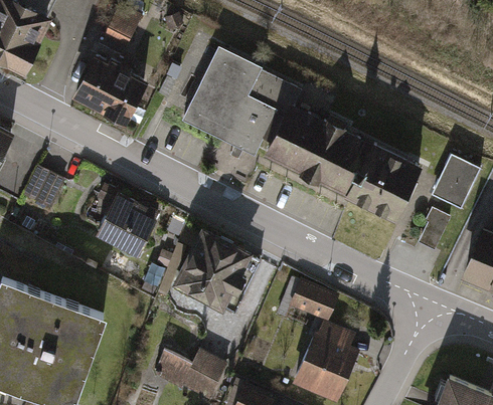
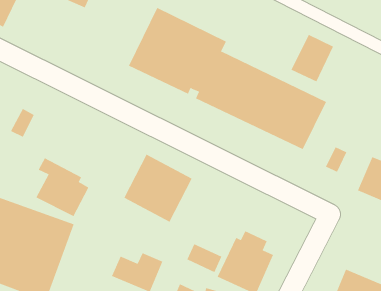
building: [72,53,147,126] -> none
building: [427,154,480,213] -> [291,34,334,82]
building: [91,184,157,257] -> [36,157,89,217]
building: [292,283,336,320] -> [186,243,222,273]

